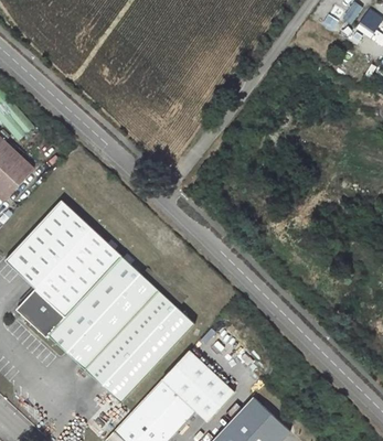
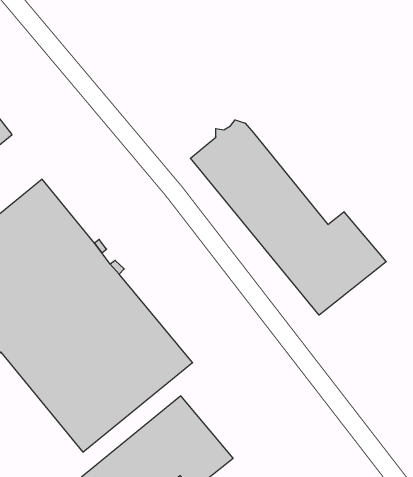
building: none -> [190,120,386,315]

